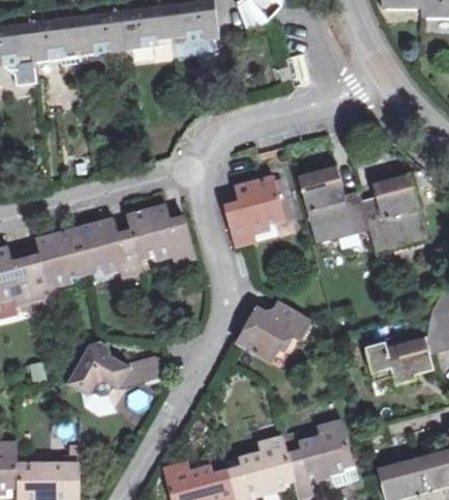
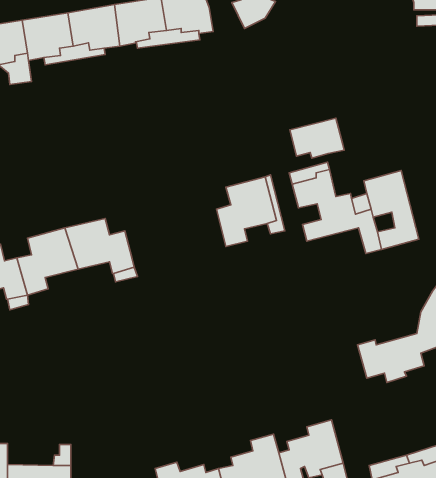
building: none -> [290,118,344,158]
building: [127,206,194,262] -> none
building: [236,303,308,363] -> none
building: [66,341,163,396] -> none

